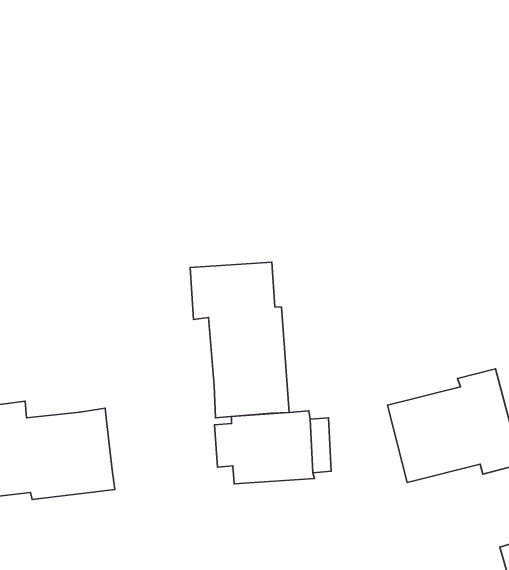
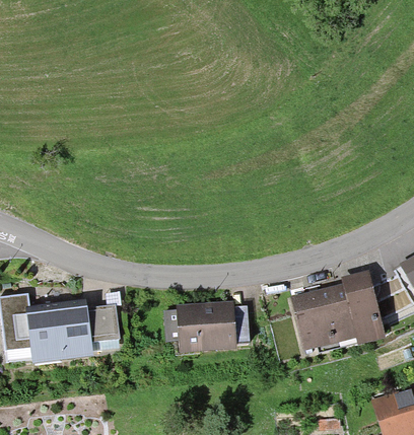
building: [190,262,289,418] -> none
building: none -> [87,304,120,343]

